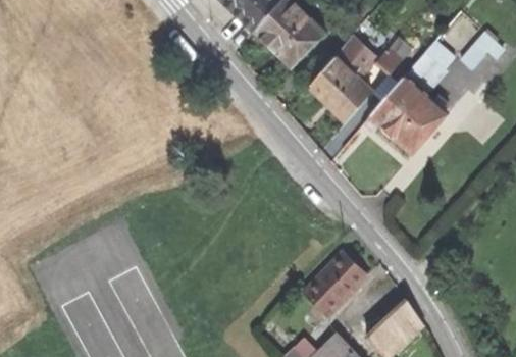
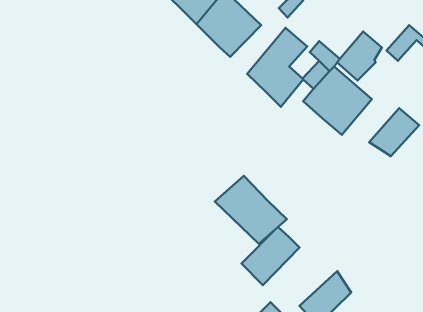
building: none -> [369,108,419,156]
building: none -> [215,176,287,244]

